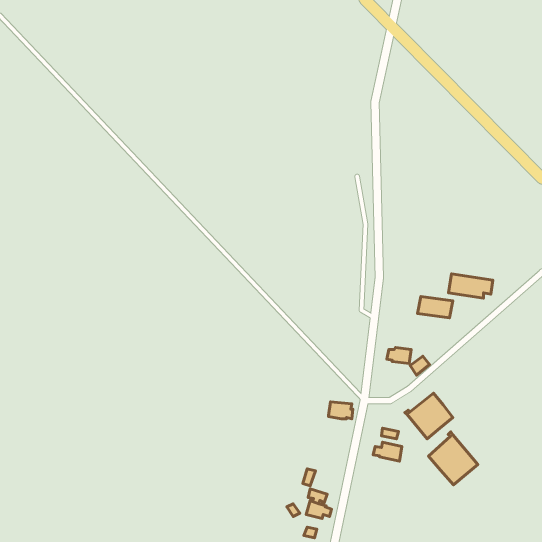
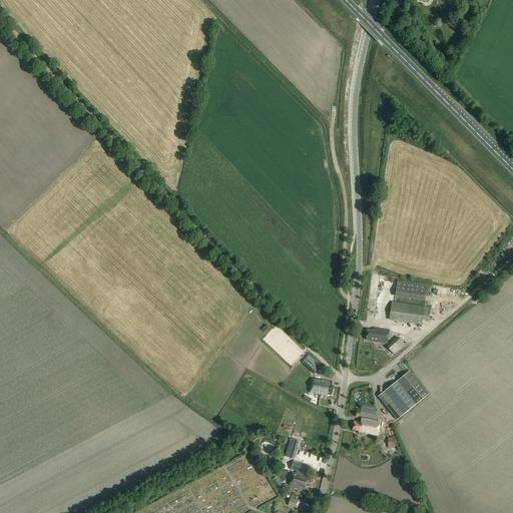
building: [448,274,493,298] -> [388,301,430,324]
building: [429,432,478,485] -> none

